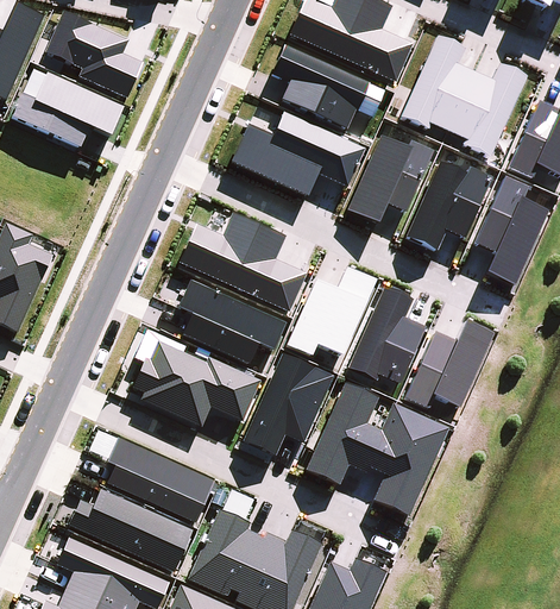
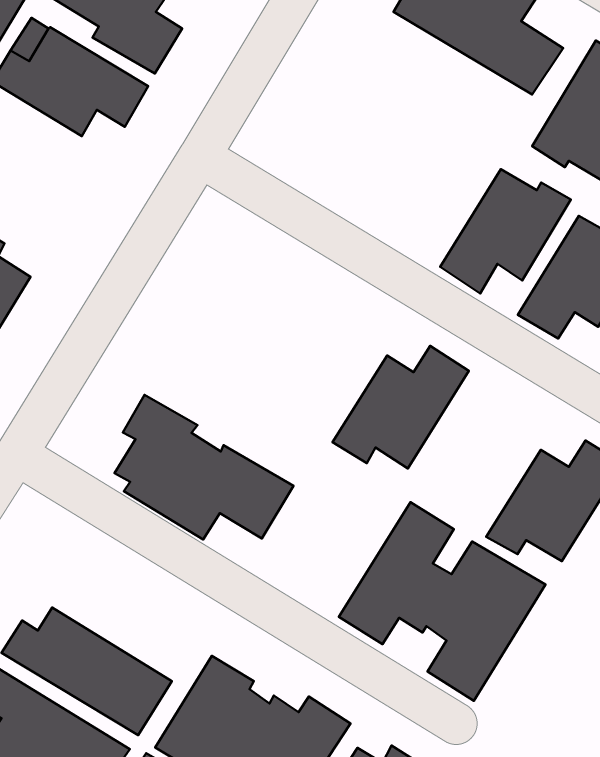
building: [273,43,385,128] -> none
building: [231,111,366,196] -> none
building: [180,211,307,310] -> none
building: [177,278,287,363] -> none
building: [348,285,424,382] -> none
building: [241,352,333,454] -> none
building: [87,428,214,520] -> none

